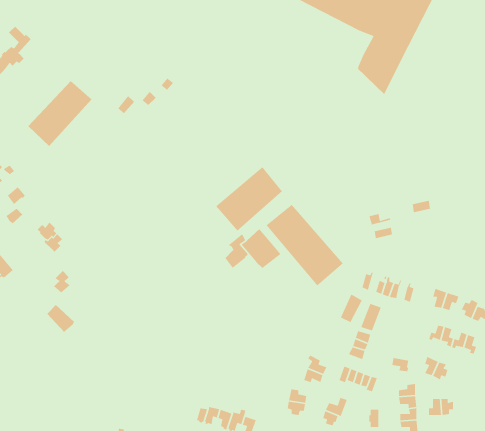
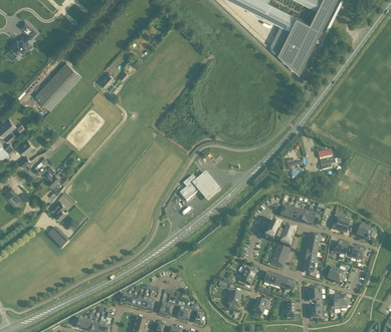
building: [215,166,283,231] -> none
building: [265,204,344,287] -> none

